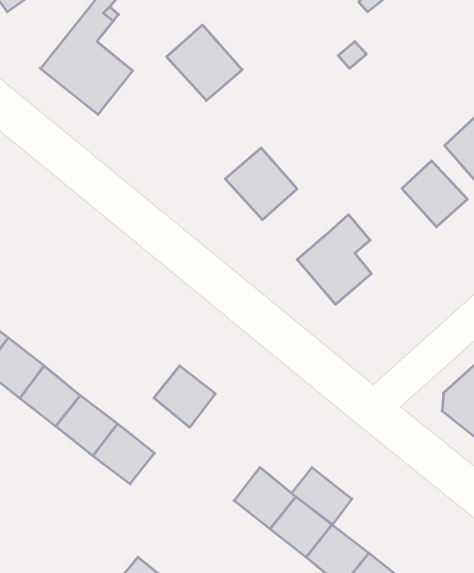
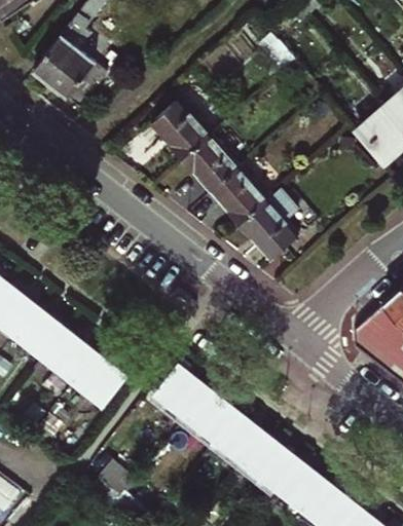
building: [167,25,242,101] -> [149,98,210,158]
building: [402,161,467,227] -> none
building: none -> [211,166,267,223]
building: [154,366,215,427] -> [159,367,209,416]
building: [292,467,352,525] -> none

